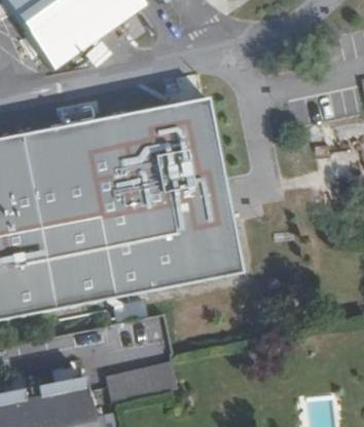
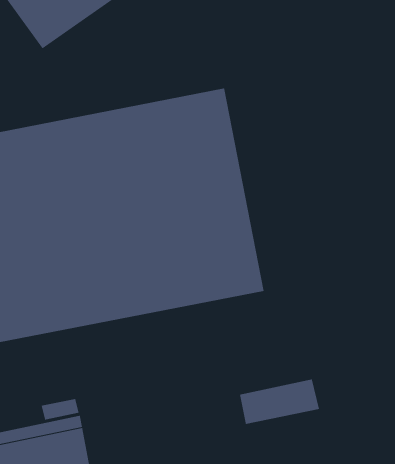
building: [111,357,180,396] -> [239,379,320,425]

